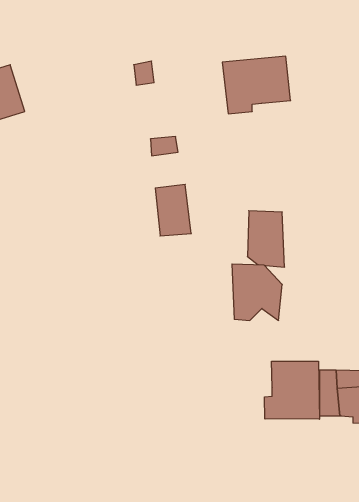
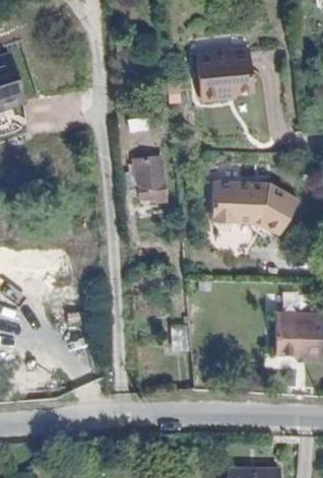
building: [232,264,282,320] -> [244,181,286,228]
building: [265,361,319,419] -> none

